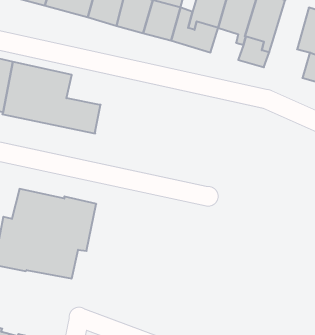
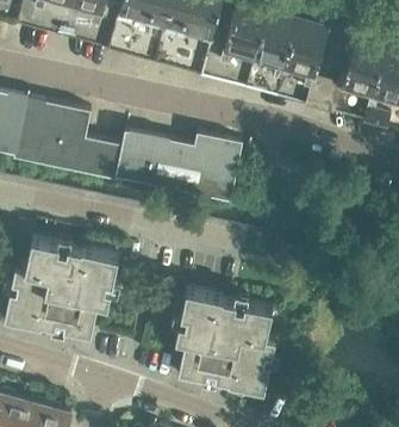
building: none -> [247,58,283,94]
building: none -> [306,74,357,115]
building: none -> [118,130,243,198]
building: none -> [176,289,276,396]

